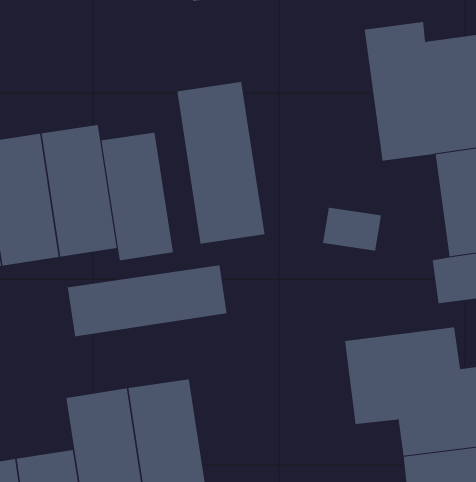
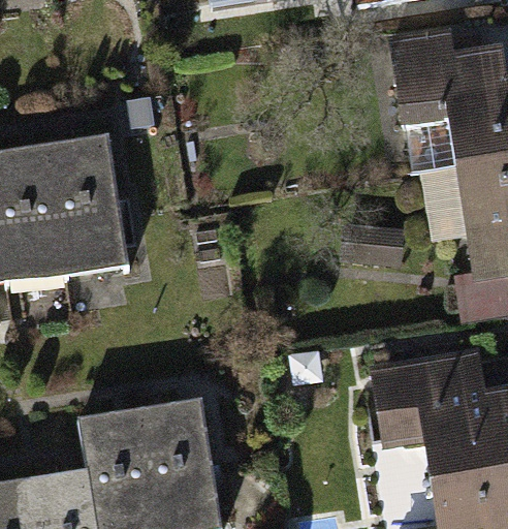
building: [177,81,265,245] -> none
building: [101,132,173,261] -> none
building: [67,264,227,337] -> none

